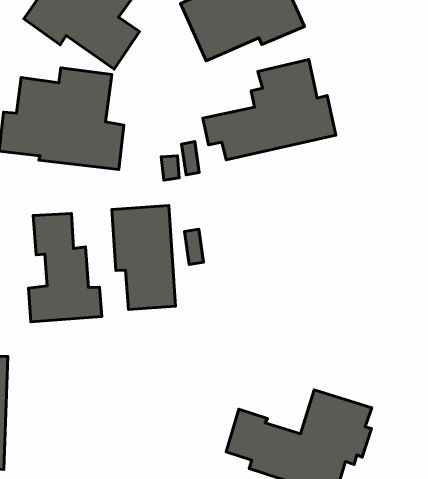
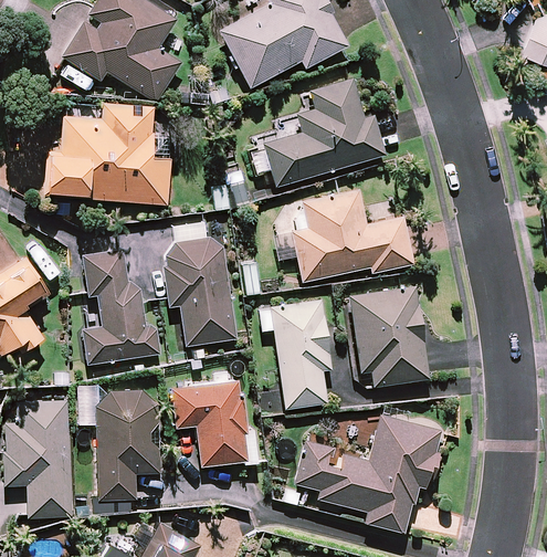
building: none -> [275,191,412,283]
building: none -> [349,287,429,387]
building: none -> [260,302,330,409]
building: none -> [78,387,159,514]
building: none -> [172,382,248,466]

